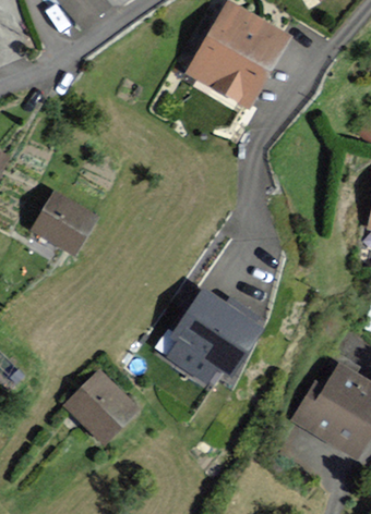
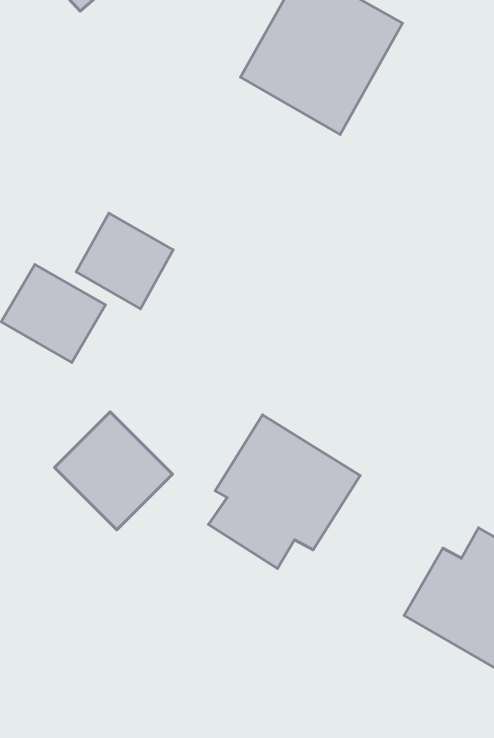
building: none -> [76,213,173,309]
building: [61,369,137,445] -> [55,412,173,530]

